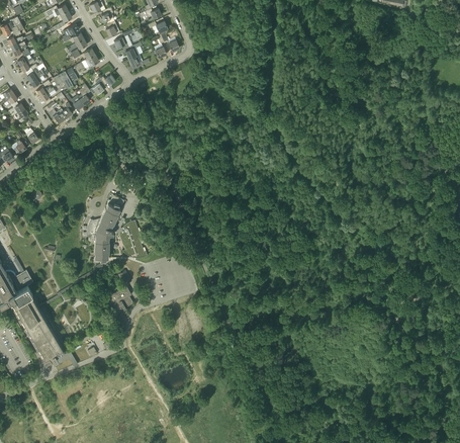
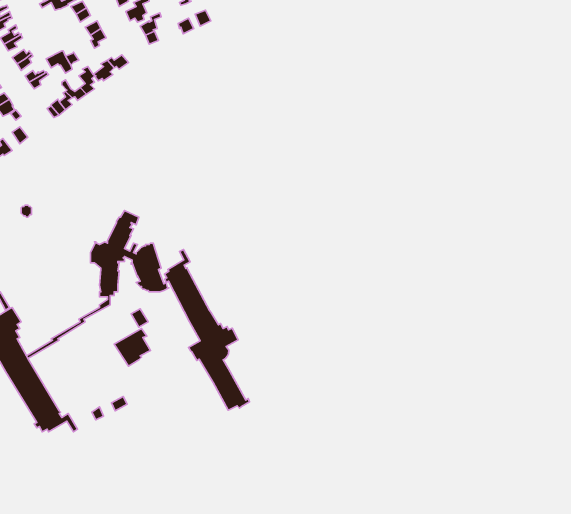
building: none -> [165,250,250,410]

